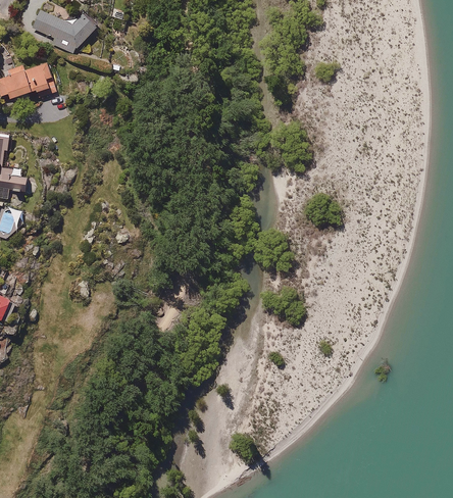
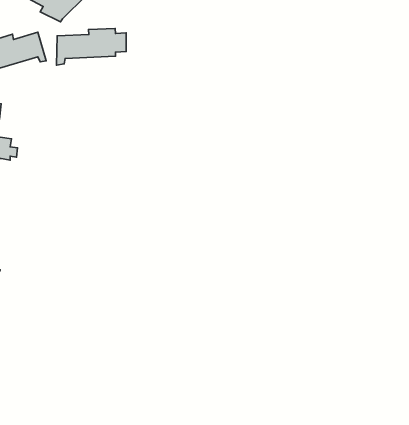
building: none -> [57,28,126,65]

